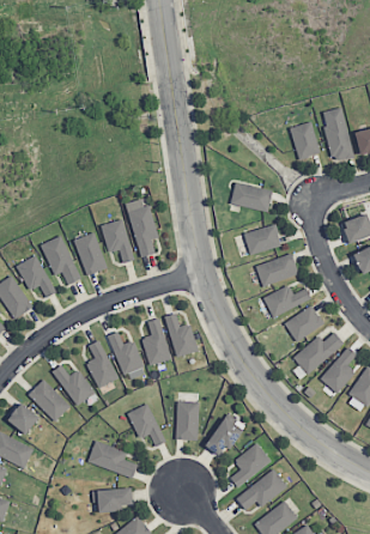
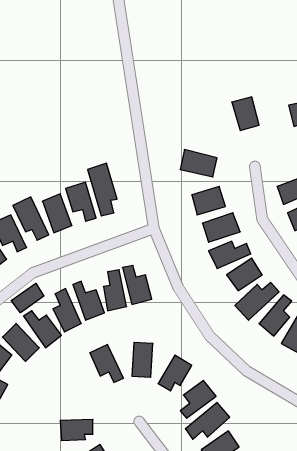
building: [320,108,354,163] -> none
building: none -> [11,283,44,313]
building: [87,443,137,477] -> none

